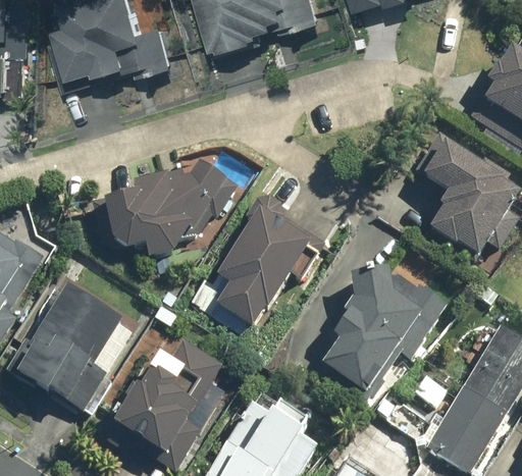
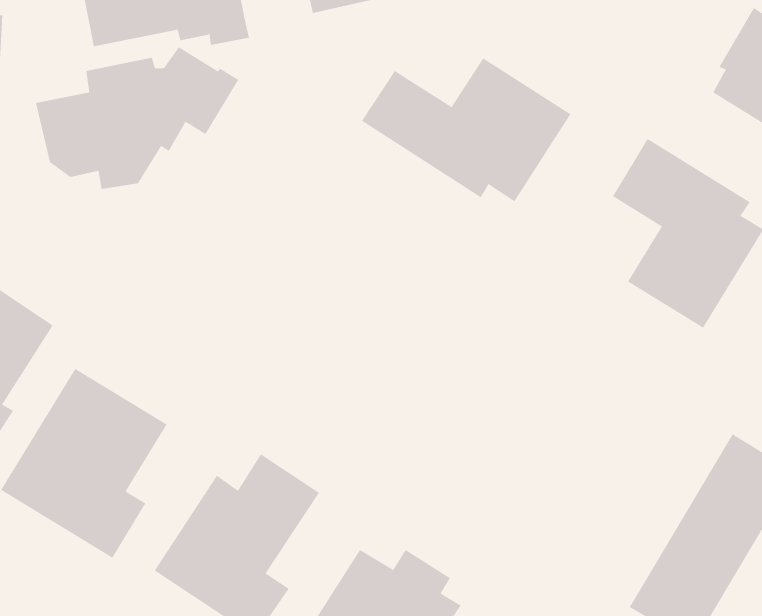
building: none -> [361,58,571,202]
building: [100,165,237,261] -> [35,46,239,190]
building: [214,200,324,329] -> none
building: [315,267,442,396] -> none

